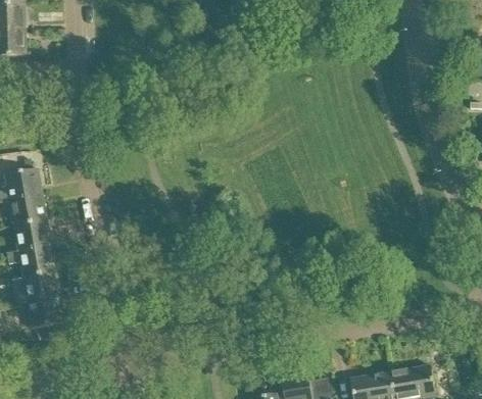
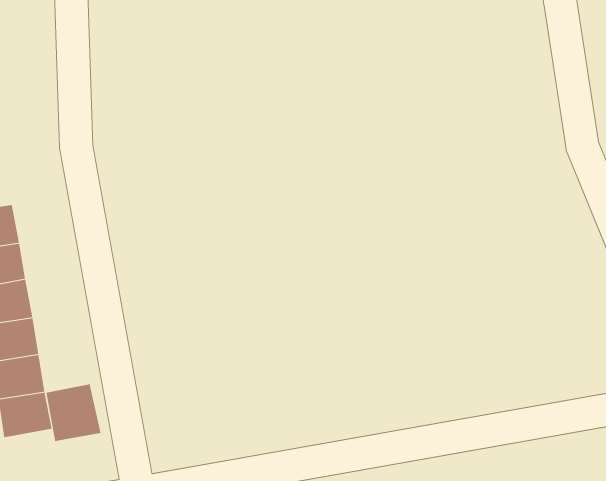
building: none -> [46,383,101,442]

